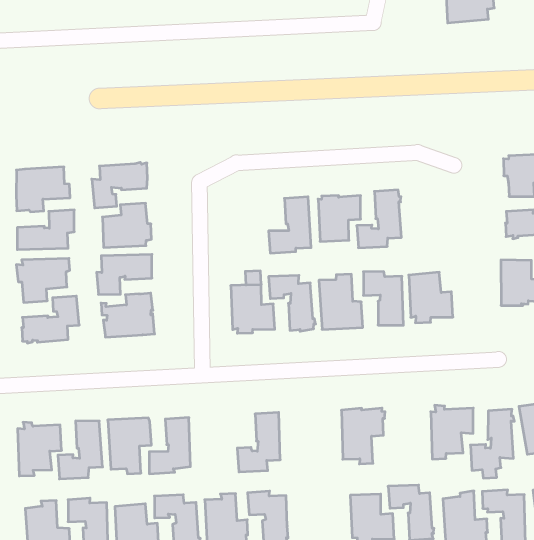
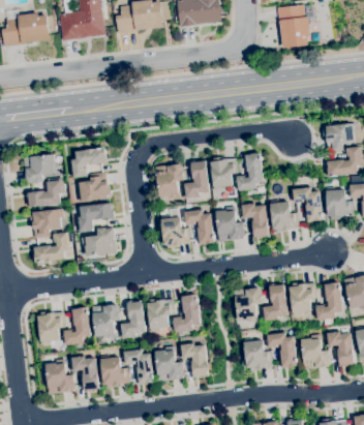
building: none -> [154,163,184,201]
building: none -> [293,187,324,222]
building: none -> [262,285,287,323]
building: none -> [147,299,175,332]

